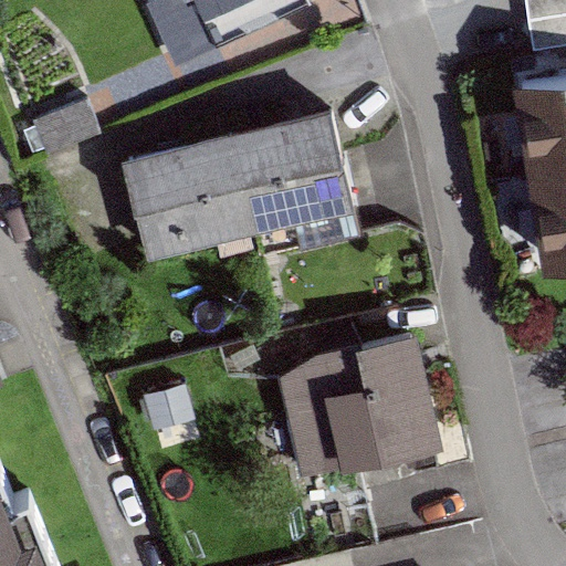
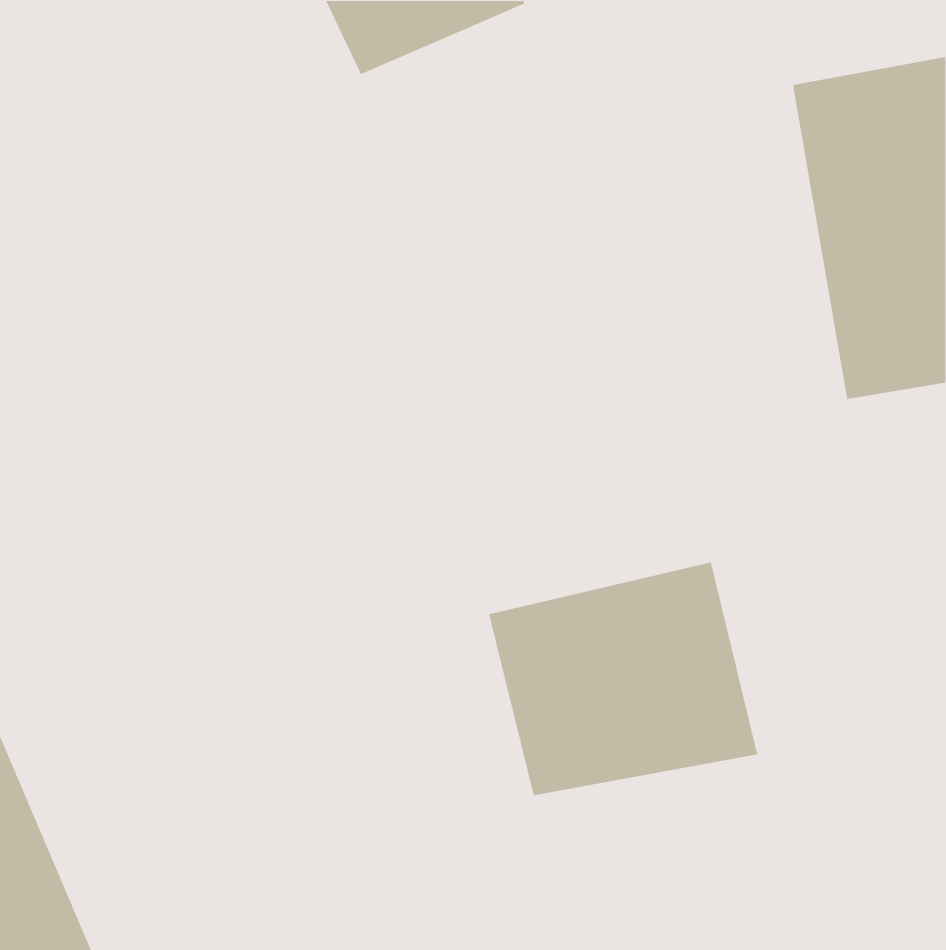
building: [125,113,353,261] -> none

